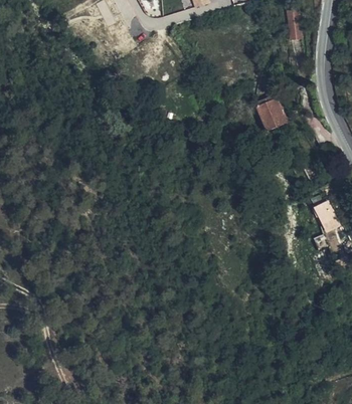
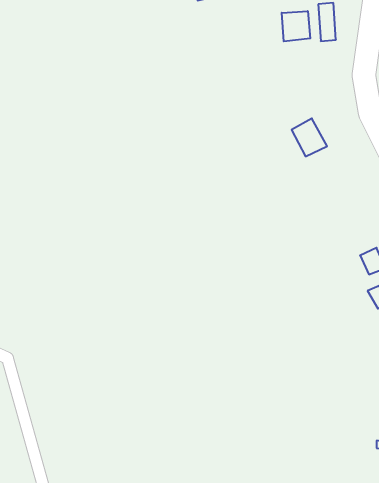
building: none -> [282,11,310,41]

